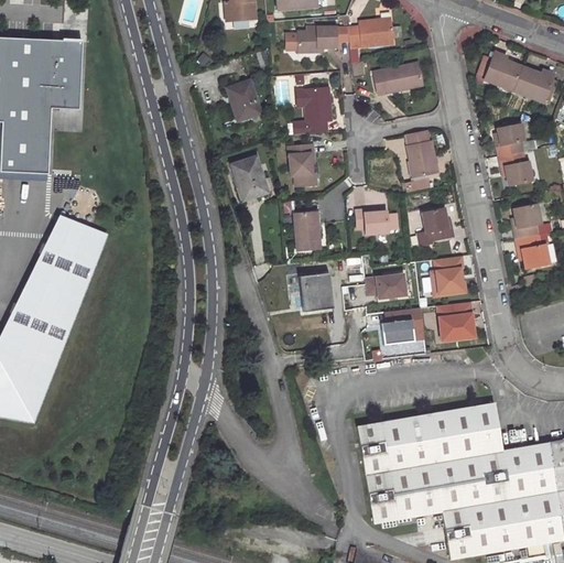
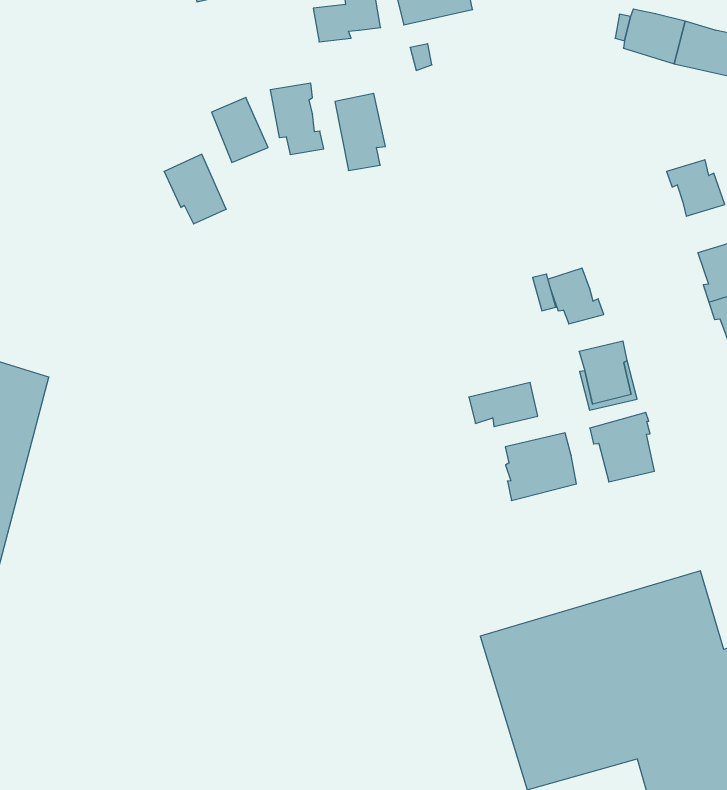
building: [375,63,422,90] -> none
building: [498,122,525,155] -> none
building: [403,130,433,177] -> none
building: [286,144,315,186] -> [270,83,324,154]
building: [231,156,267,198] -> [164,154,226,224]
building: [356,209,387,234] -> none
building: [292,214,317,252] -> none
building: [300,273,333,312] -> none

